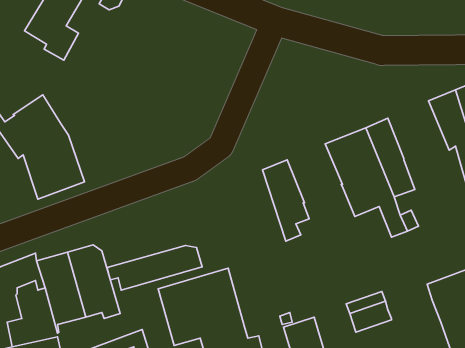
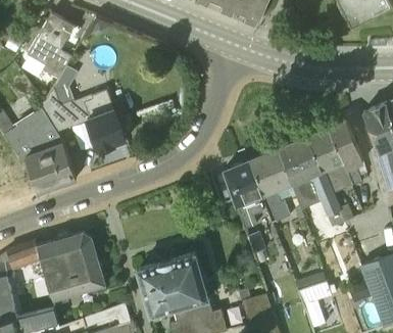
building: none -> [40,87,126,151]
building: none -> [329,120,364,186]
building: none -> [245,148,291,222]
building: [107,246,202,290] -> none

